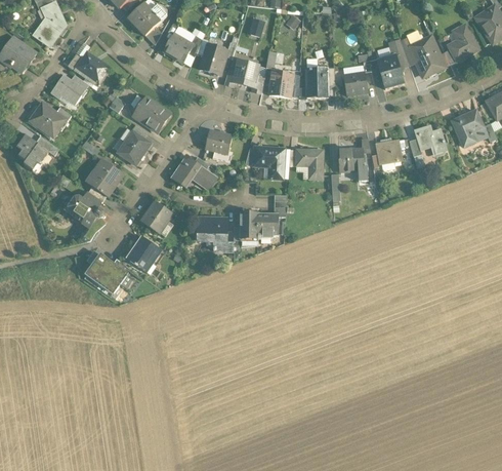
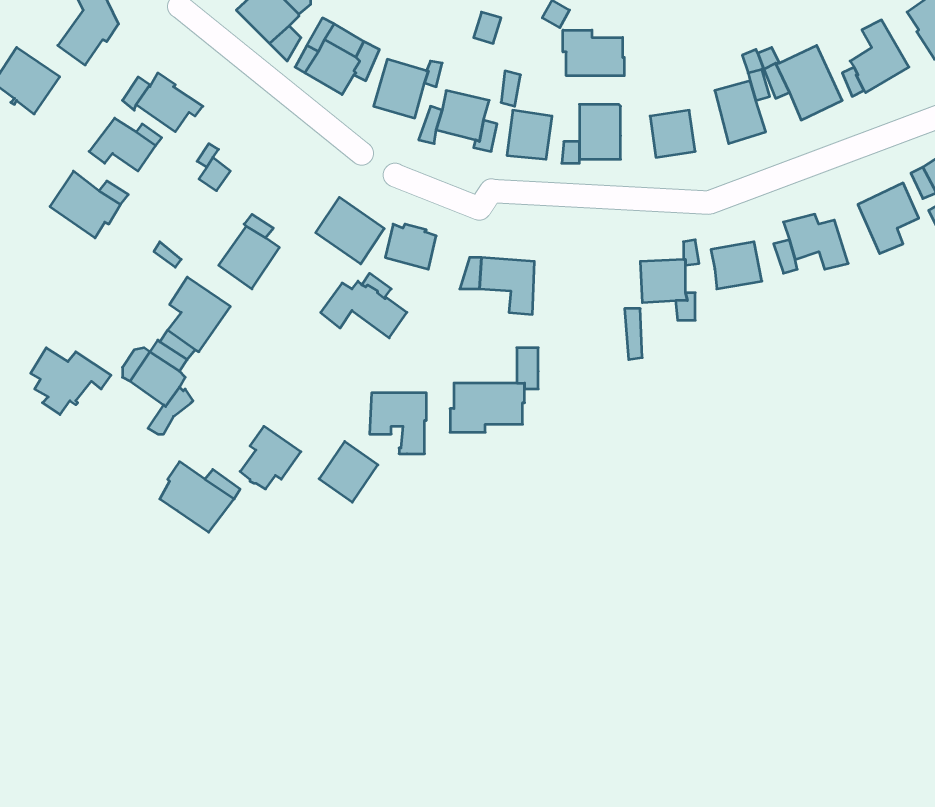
building: none -> [563,30,624,76]
building: [133,96,169,131] -> [316,197,384,264]
building: [16,134,58,169] -> [31,348,111,415]
building: [296,150,322,179] -> none
building: [140,201,171,233] -> [319,441,378,502]

